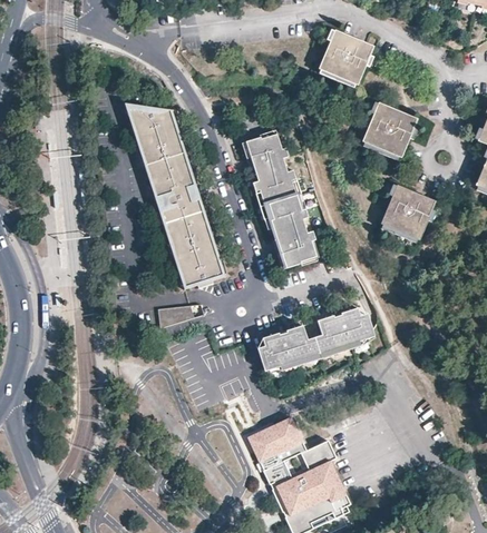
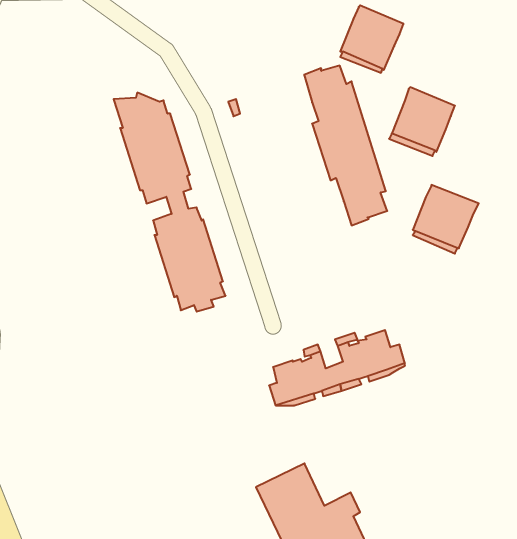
building: [246,132,316,267] -> [304,66,387,225]
building: [157,305,204,329] -> none

